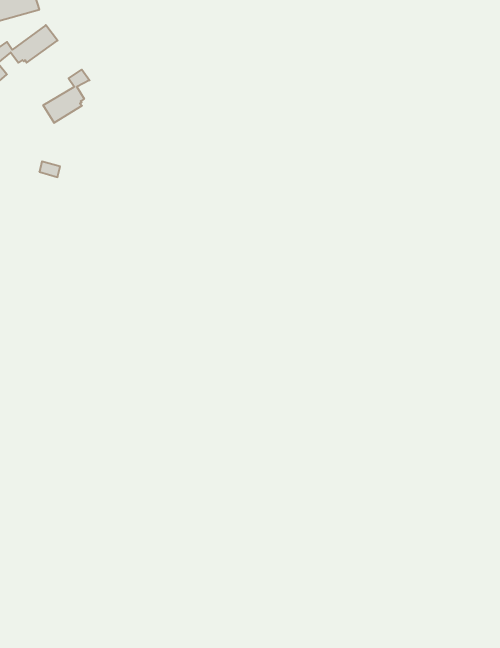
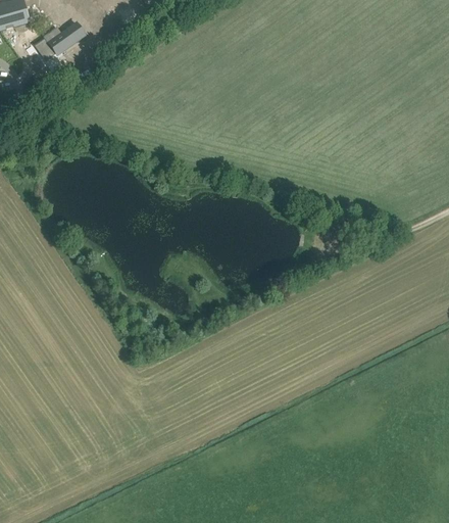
building: [43,70,90,123] -> none

